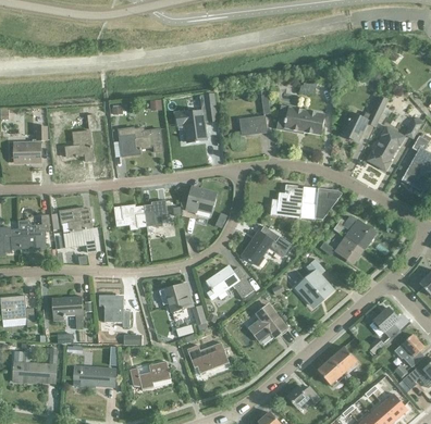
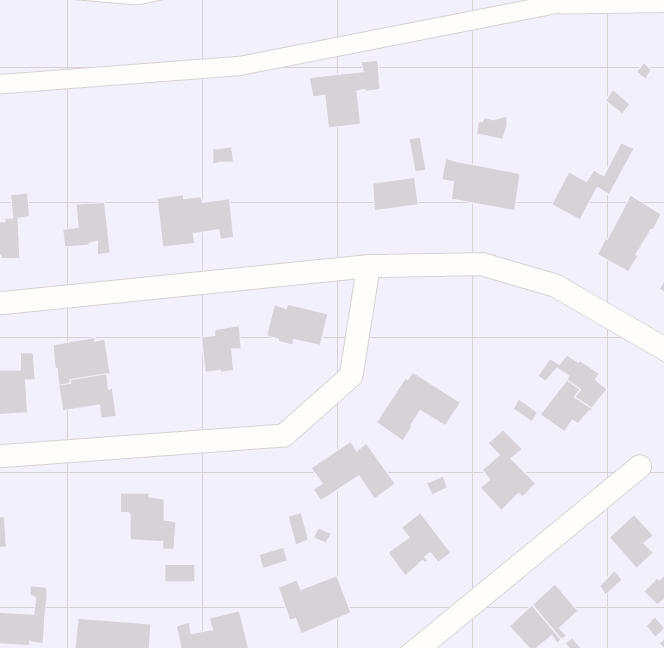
building: [176,103,217,141] -> [309,60,380,128]
building: [270,185,343,220] -> none
building: [114,204,146,229] -> none
building: [159,283,193,311] -> none
building: [52,296,83,327] -> none

